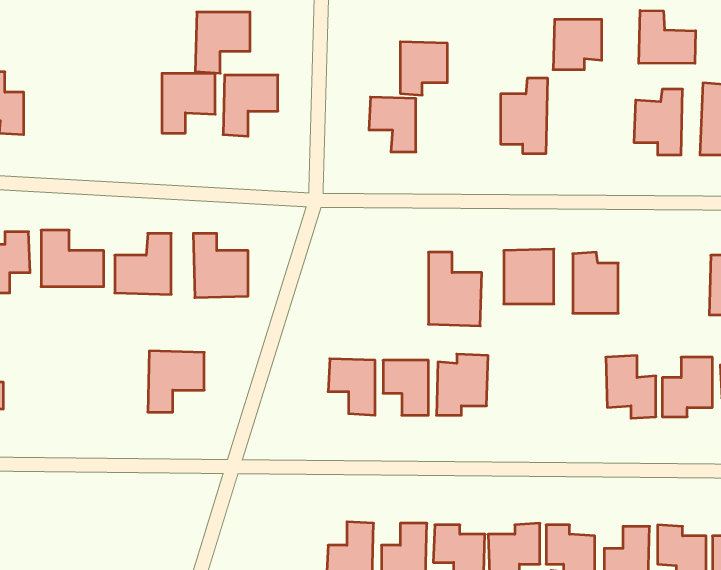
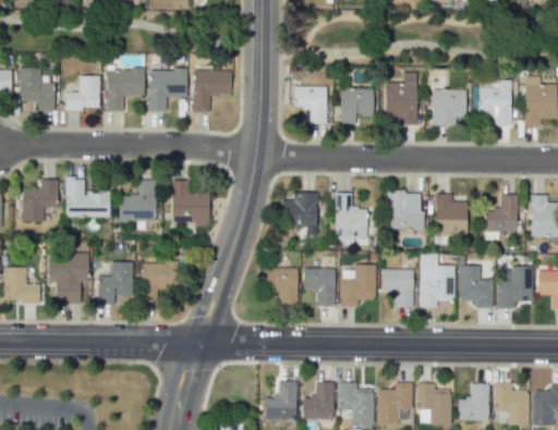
building: [639,10,696,63] -> none
building: [195,12,250,73] -> [107,69,145,111]
building: [553,19,602,70] -> [433,89,466,124]
building: [400,42,447,95] -> [341,87,374,124]
building: none -> [65,75,100,109]
building: none -> [284,192,317,228]
building: none -> [485,194,518,239]
building: none -> [49,253,89,303]
building: none -> [420,253,454,307]
building: none -> [98,261,133,304]
building: none -> [383,268,414,307]

